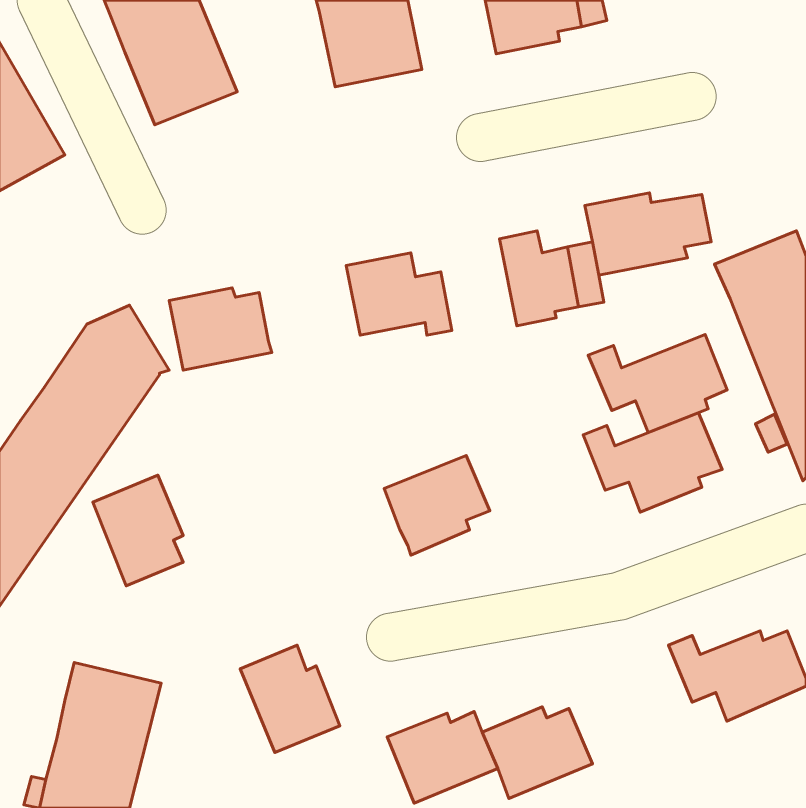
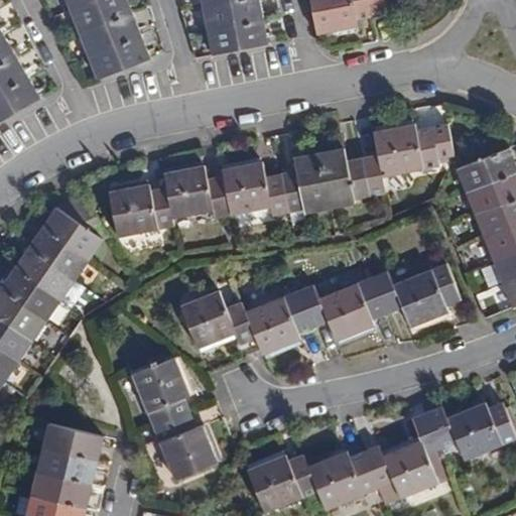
building: none -> [281,152,330,213]
building: none -> [163,165,230,218]
building: [588,335,727,433] -> [297,277,386,340]
building: none -> [180,289,255,347]
building: [93,475,183,586] -> [132,356,189,426]
building: none -> [363,411,441,503]

